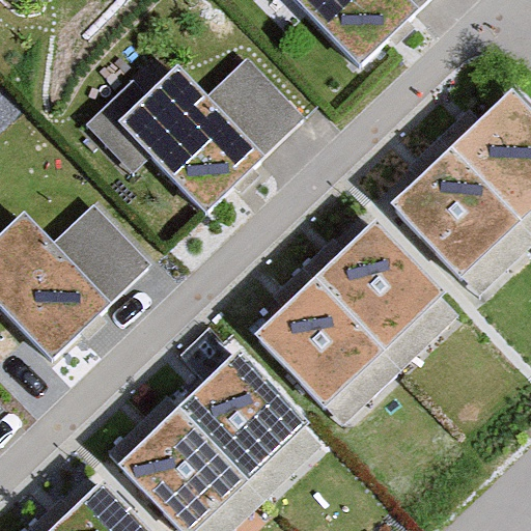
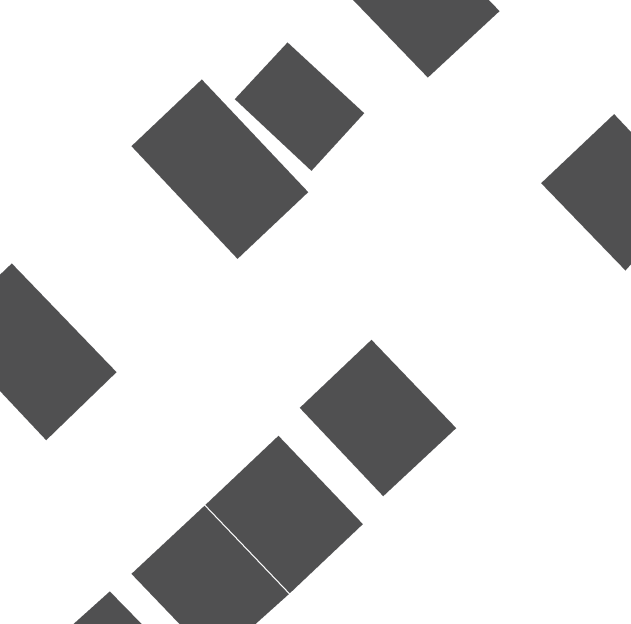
building: [391,150,521,279] -> none
building: [49,185,150,287] -> none
building: [314,220,444,350] -> none

